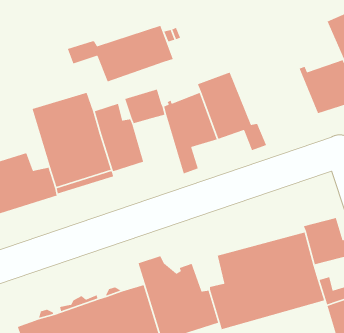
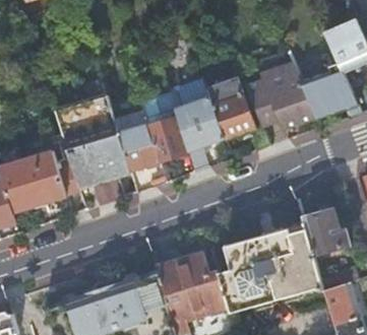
building: [67,25,174,83] -> none
building: none -> [244,62,316,129]
building: none -> [148,118,188,160]

